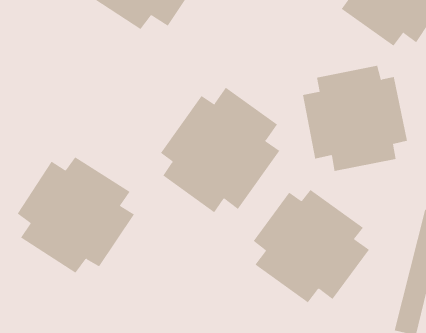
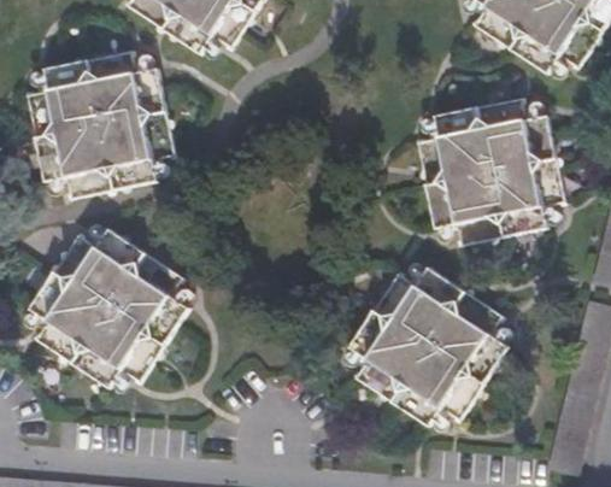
building: none -> [28,48,178,196]
building: [160,87,280,213] -> none

